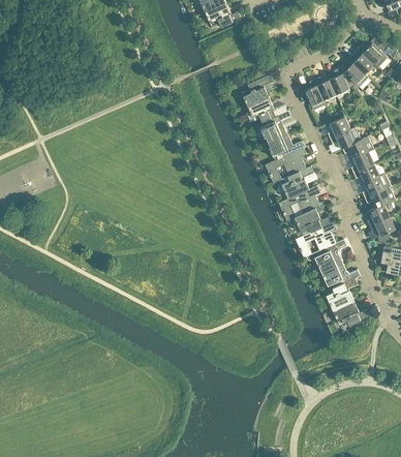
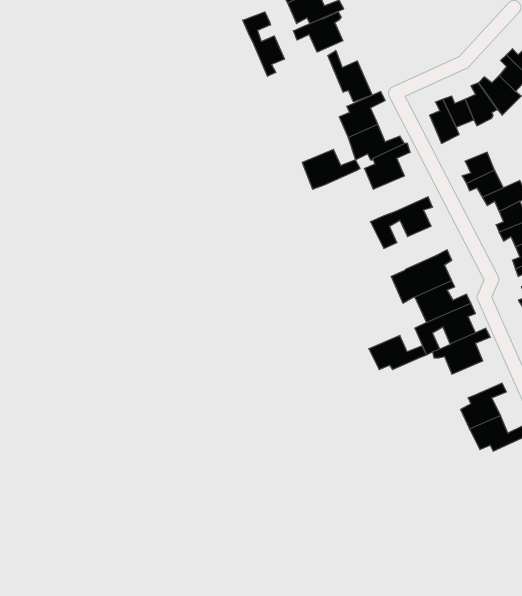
building: none -> [293,12,343,52]
building: none -> [243,12,284,76]
building: none -> [328,50,372,102]
building: [266,133,306,161] -> [302,149,360,189]
building: [280,166,314,199] -> none
building: [320,263,361,286] -> [369,335,426,370]

